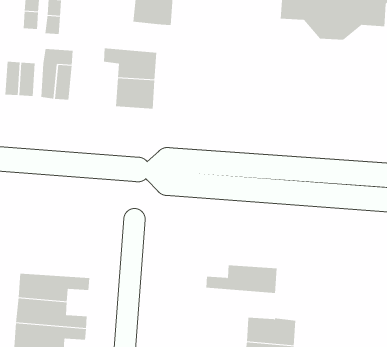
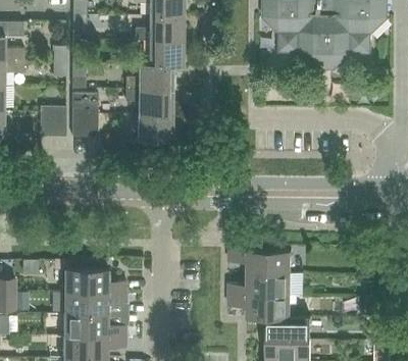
building: none -> [125,64,173,90]
building: none -> [228,250,292,272]
building: none -> [64,268,126,292]
building: none -> [228,294,291,318]

